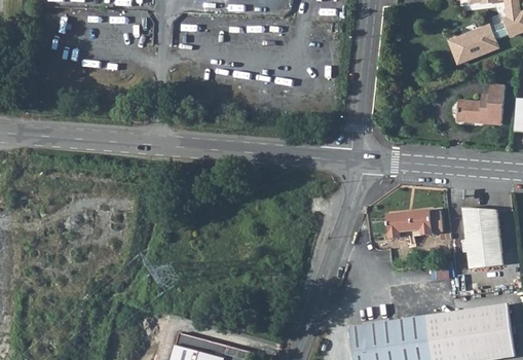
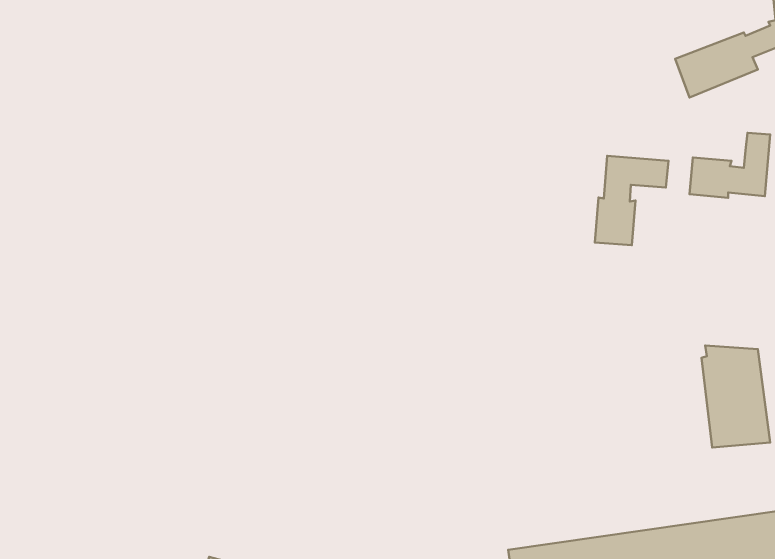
building: none -> [595,156,668,245]
building: [386,210,433,240] -> none

